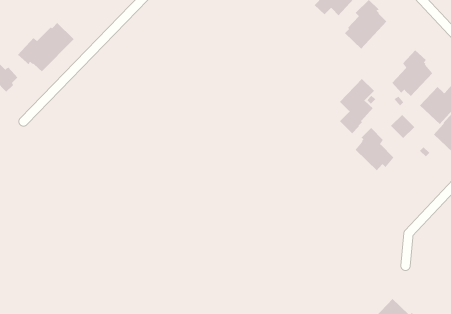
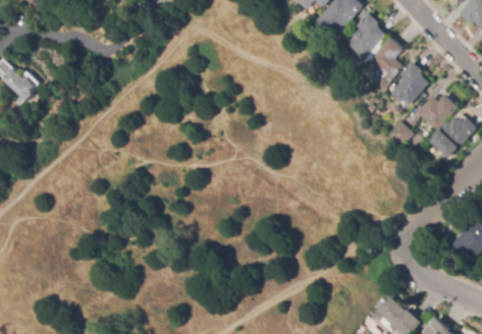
building: [17,22,74,72] -> none
building: [339,78,375,134] -> [369,37,403,90]
building: [355,127,394,171] -> none

